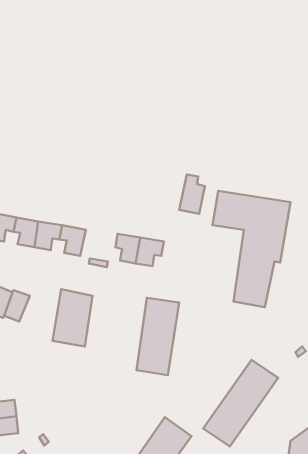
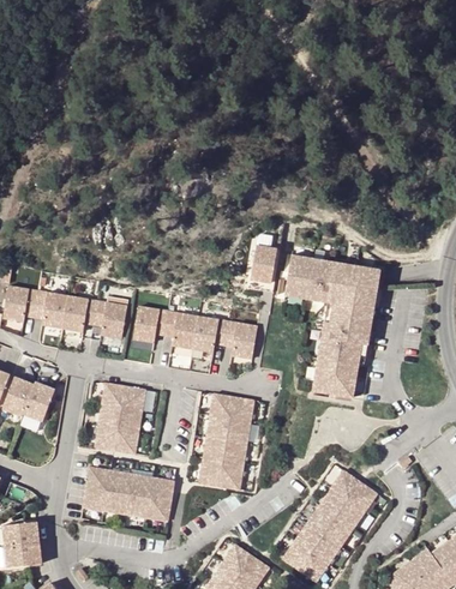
building: none -> [134,307,169,342]
building: none -> [224,321,258,359]
building: none -> [76,467,168,521]

